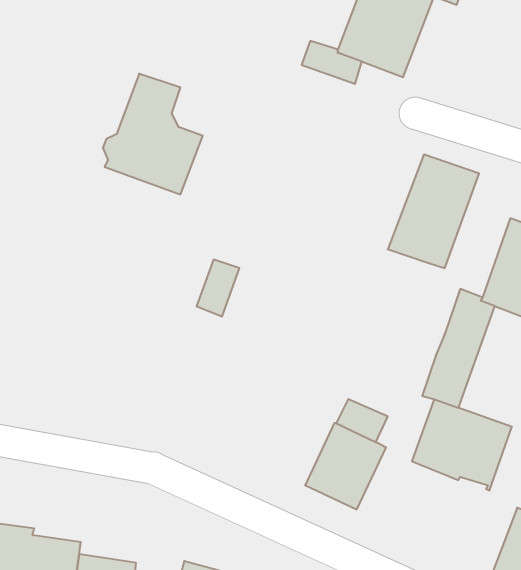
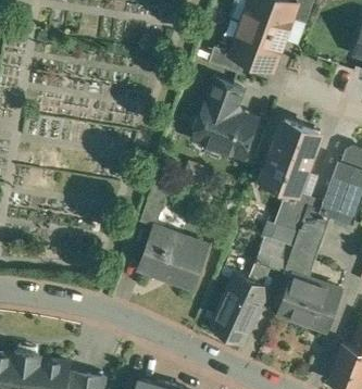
building: [103,74,203,194] -> [192,80,255,156]
building: none -> [274,188,311,233]
building: none -> [138,226,209,289]
building: none -> [254,236,292,273]

